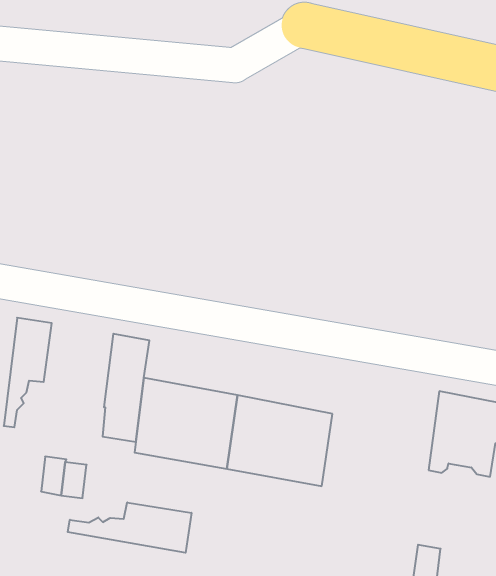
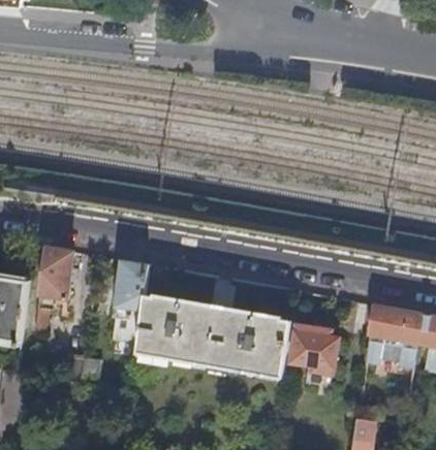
building: none -> [291,326,338,375]
building: [68,502,191,553] -> none

